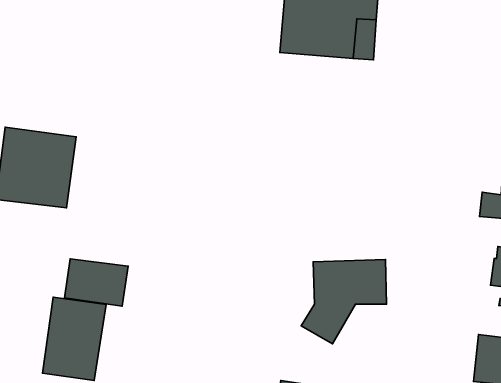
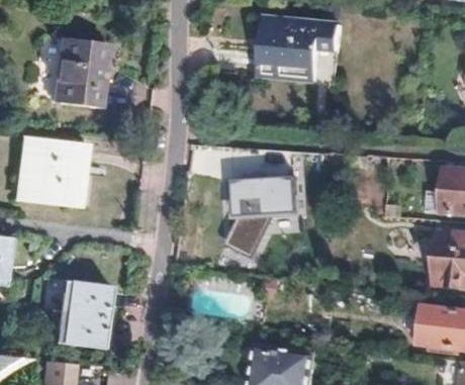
building: none -> [63,34,118,105]
building: [64,259,128,306] -> none
building: [301,259,387,344] -> [228,179,300,250]

